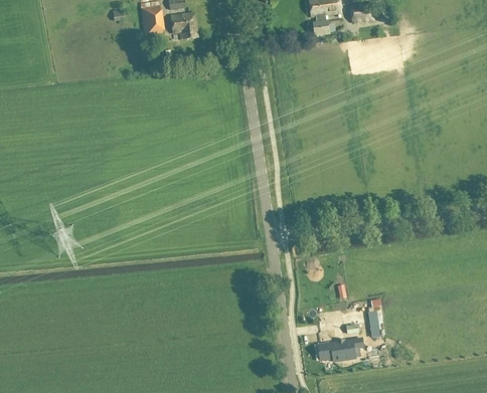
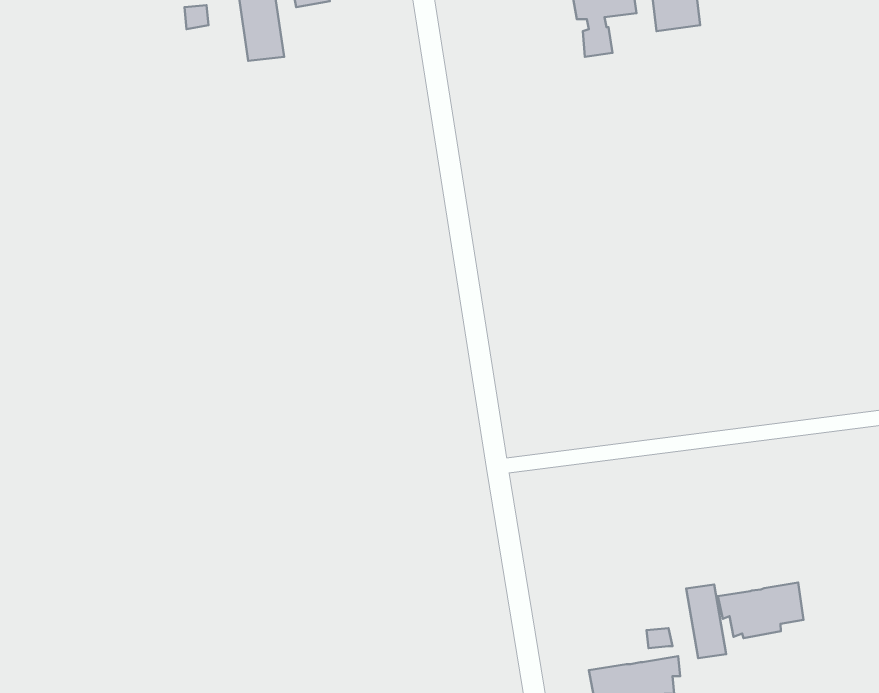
building: [170,11,197,38] -> none
building: none -> [718,583,804,638]

